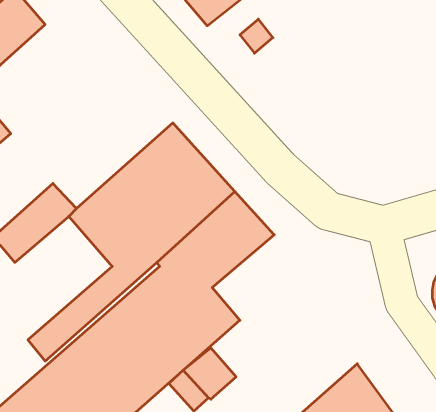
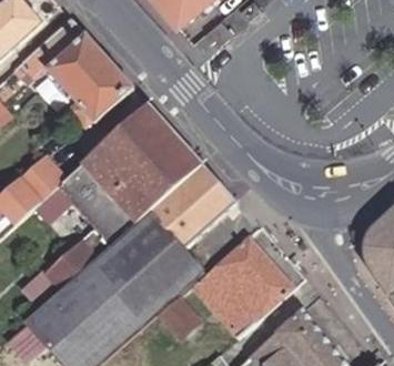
building: none -> [13,19,132,125]
building: none -> [191,234,293,336]

